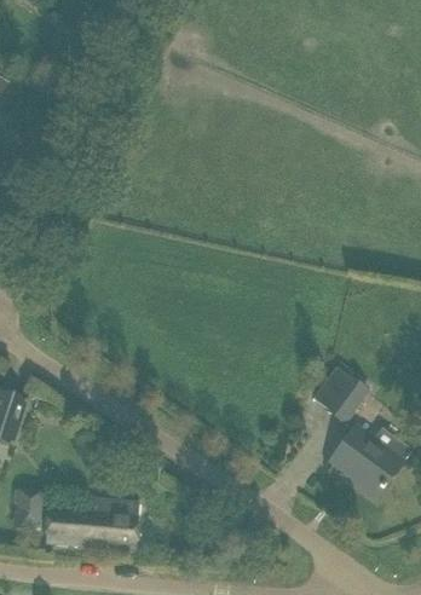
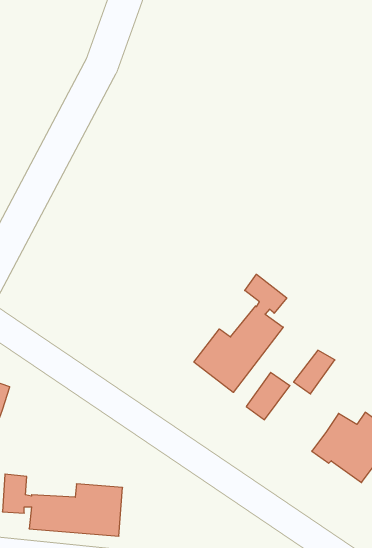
building: none -> [194,274,287,392]
building: [325,374,369,421] -> [246,372,290,420]

